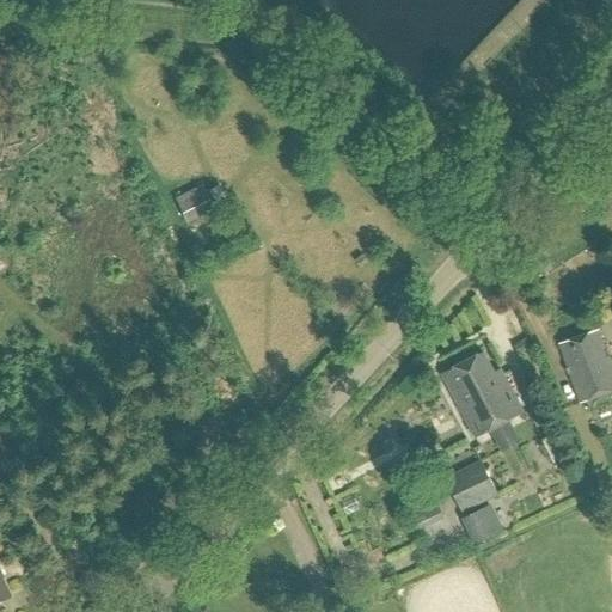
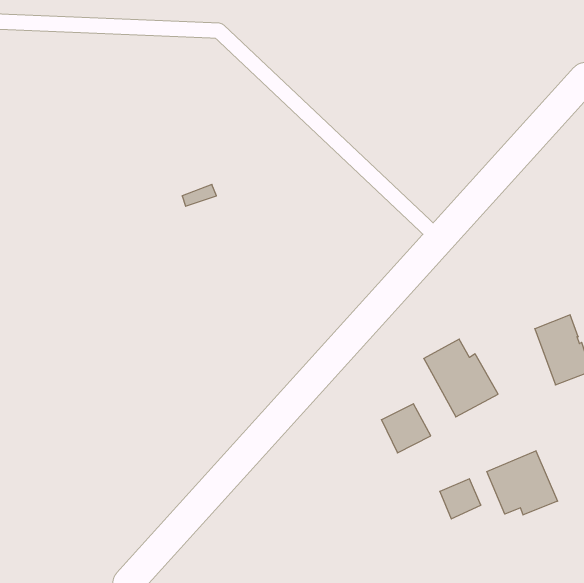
building: [443,458,495,509] -> [381,404,431,453]
building: none -> [487,451,558,515]

